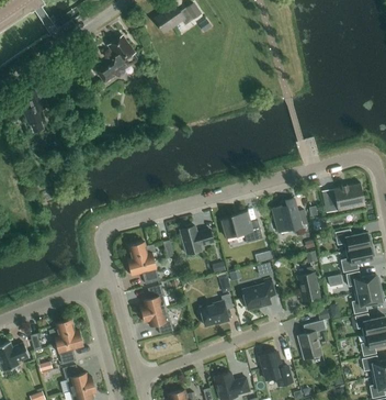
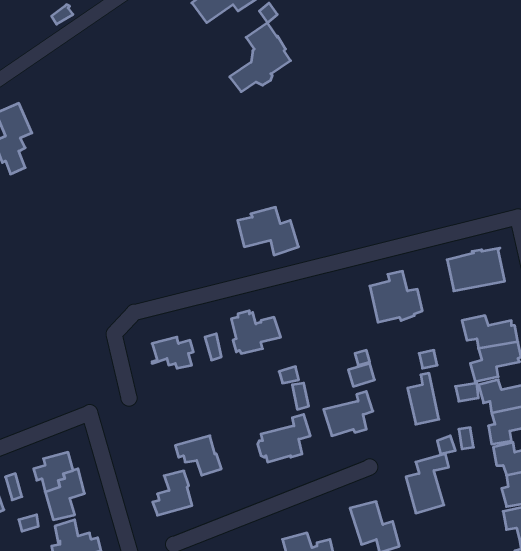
building: [96,35,137,81] -> [230,23,291,92]
building: [222,211,262,243] -> [238,207,299,255]
building: [127,256,159,284] -> none
building: [139,285,166,314] -> [153,471,192,515]

